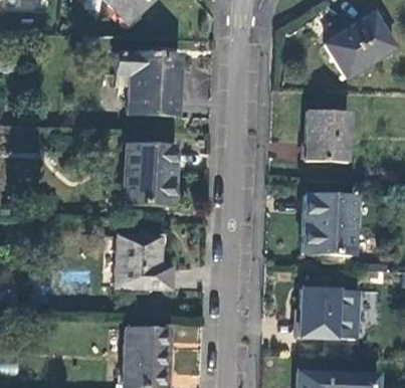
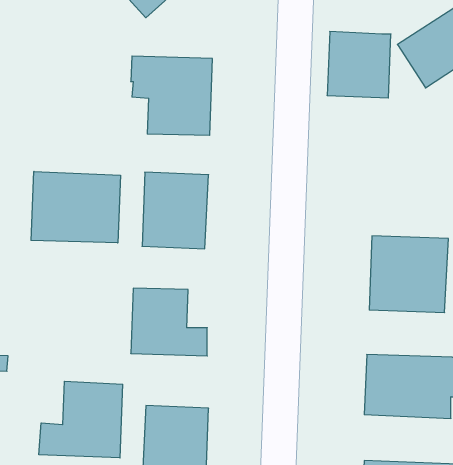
building: [306,109,356,161] -> [327,32,391,98]
building: none -> [31,171,120,243]
building: none -> [39,381,123,458]

